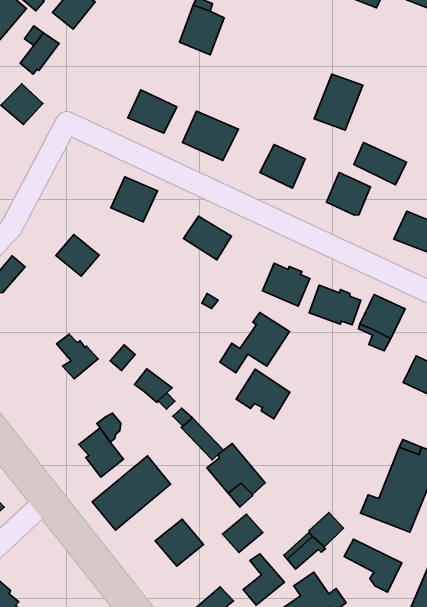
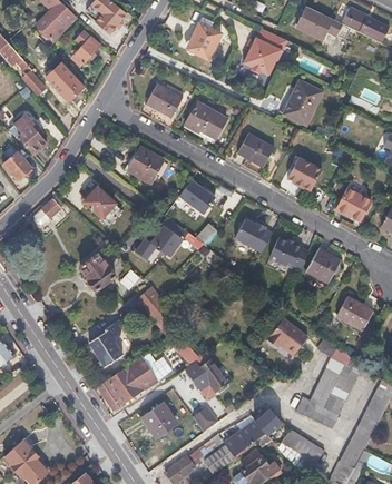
building: none -> [244,32,288,76]
building: [354,142,407,185] -> none
building: [220,313,290,373] -> [134,216,187,259]
building: [236,369,290,419] -> [268,318,308,356]

